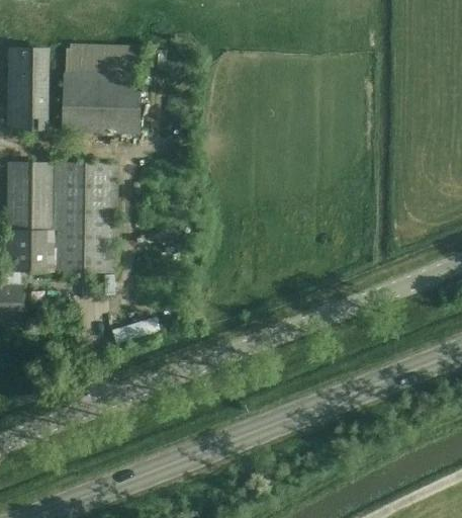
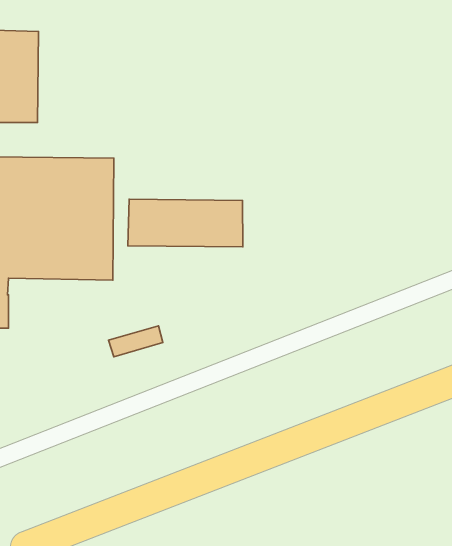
building: [61,44,141,133] -> none
building: none -> [128,199,243,247]

